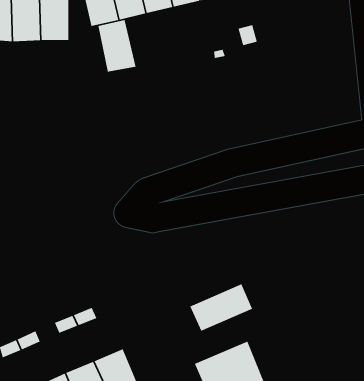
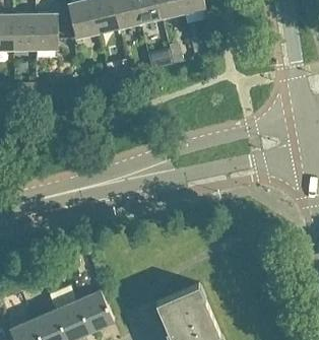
building: [97,19,136,72] -> none
building: [189,283,253,332] -> none

